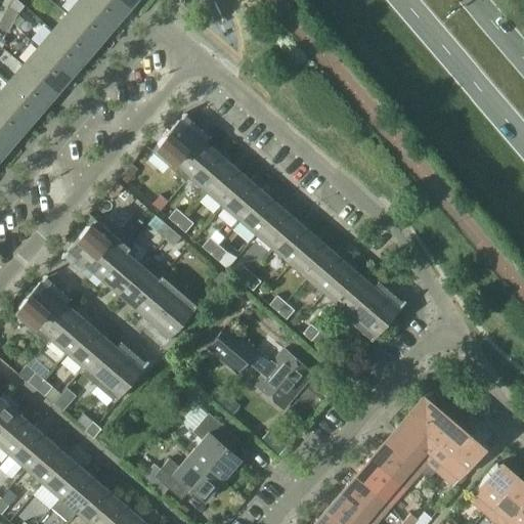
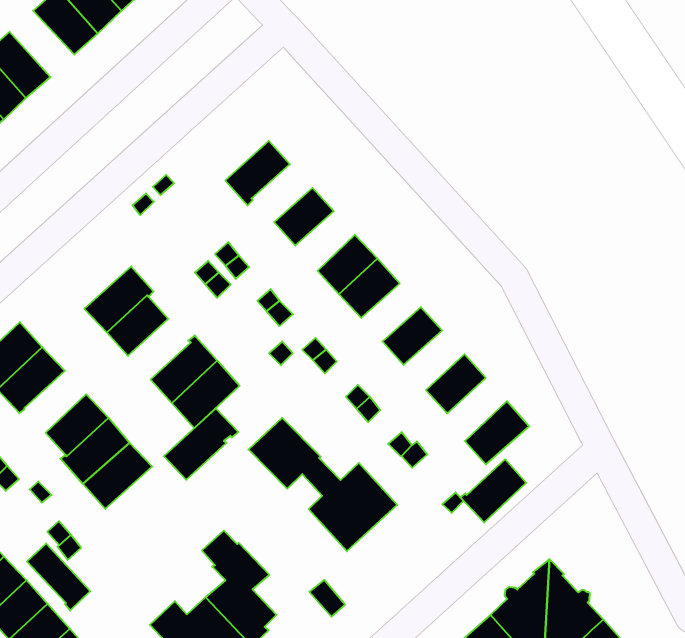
building: [11,67,57,111] -> none
building: [154,121,198,167] -> none
building: [190,150,231,191] -> none
building: [224,179,264,221] -> none
building: [68,218,114,266] -> none
building: [275,223,315,264] -> none
building: [308,252,349,294] -> none
building: [119,258,168,309] -> [164,409,238,480]
building: [338,280,382,325] -> [460,459,526,523]
building: [52,310,93,354] -> none
building: none -> [27,543,90,611]

